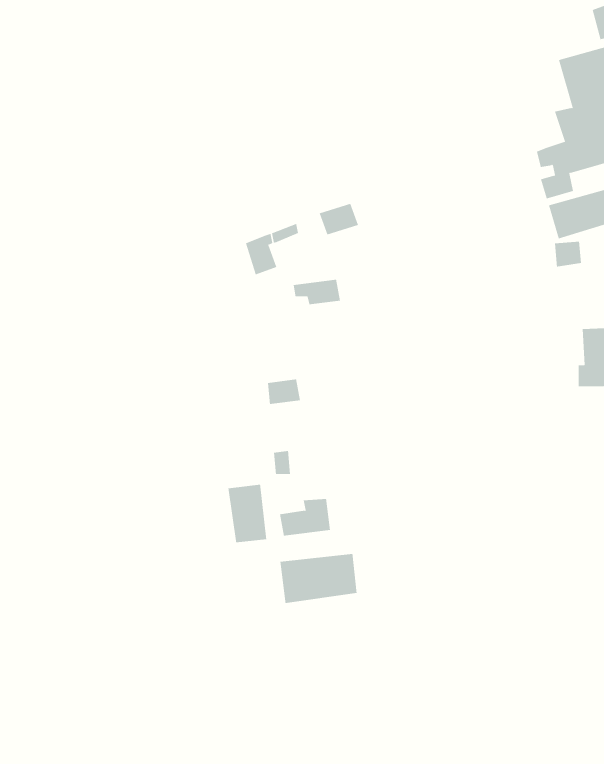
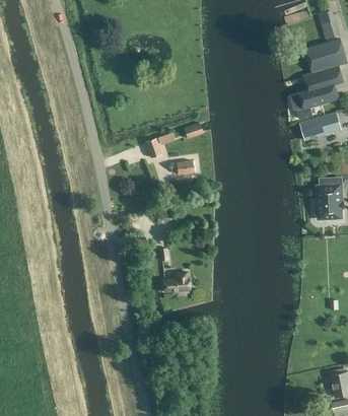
building: [228,484,267,543] -> none
building: [280,553,357,604] -> none

